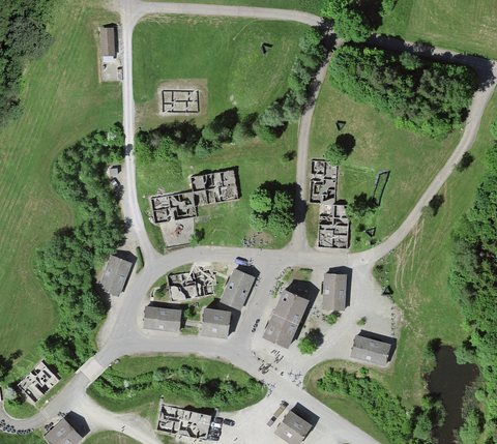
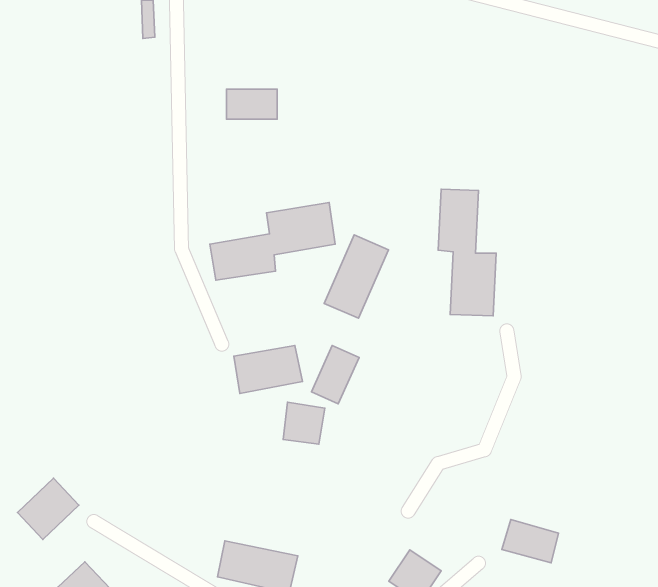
building: [98,255,130,295] -> none
building: [323,273,345,308] -> none
building: [263,289,308,347] -> [324,235,388,318]
building: [143,306,180,330] -> none
building: [350,334,389,364] -> [502,520,558,563]

